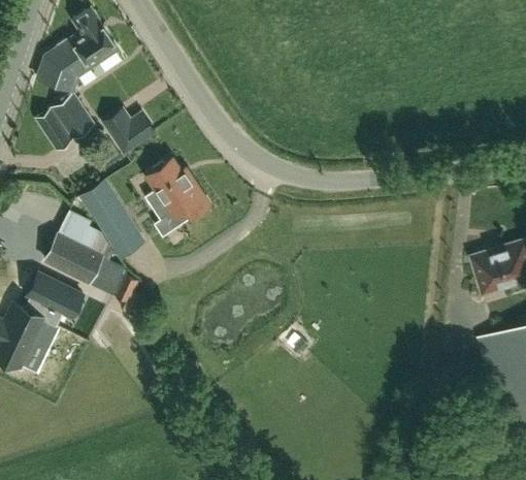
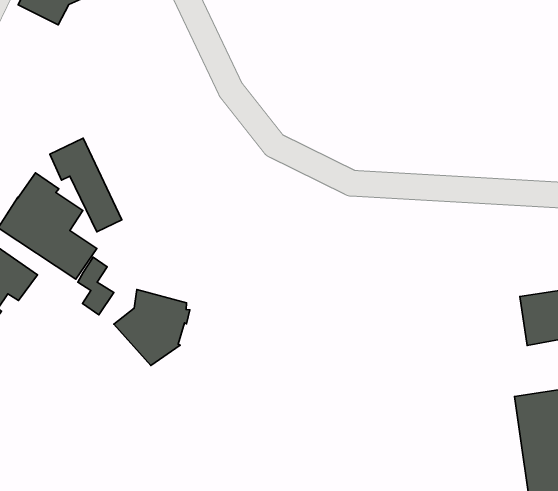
building: [35,94,93,149] -> none
building: [103,108,155,153] -> none
building: [144,159,208,229] -> none
building: none -> [114,290,190,366]

